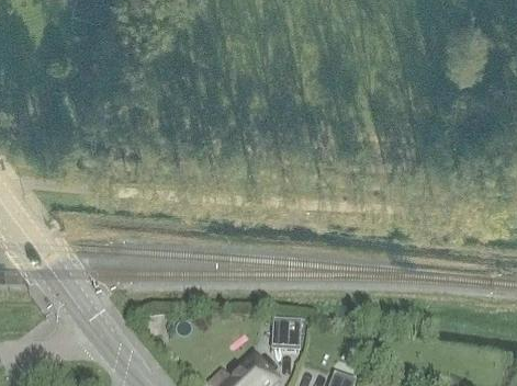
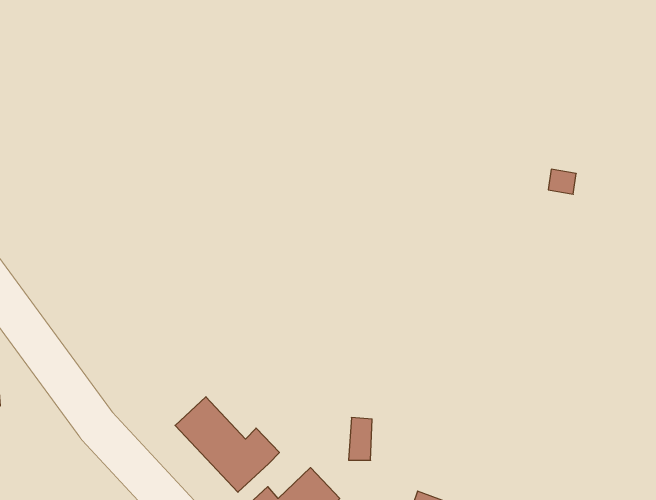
building: none -> [175,397,279,492]

